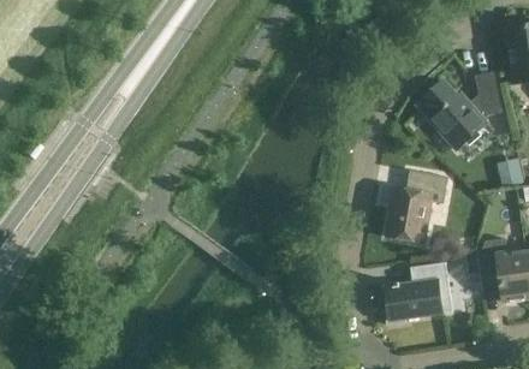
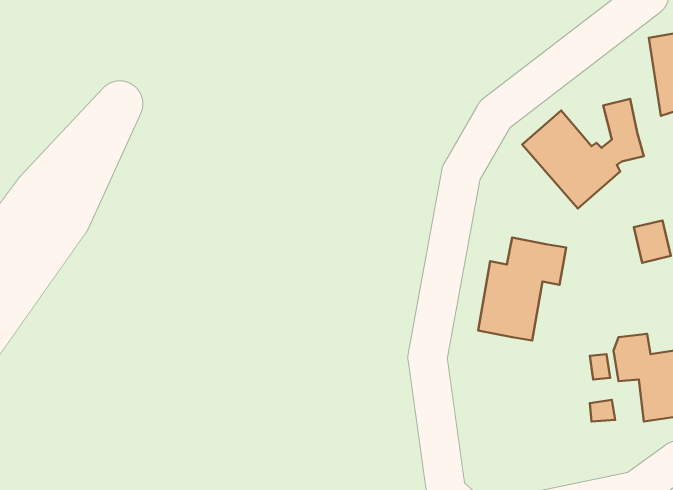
building: [387,263,452,325] -> none

